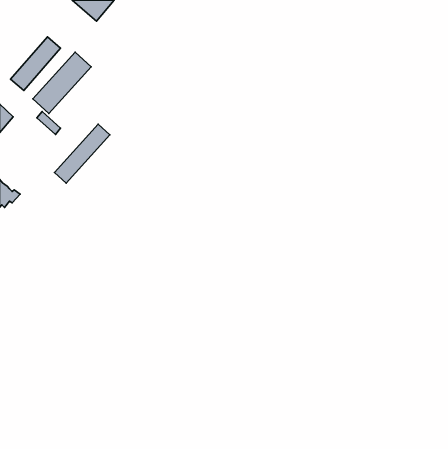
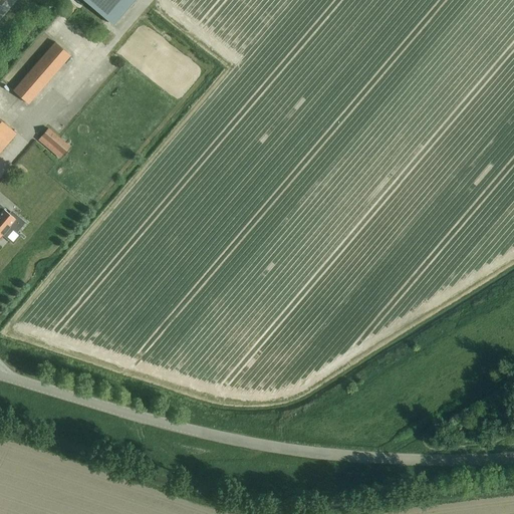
building: [33,52,91,114] -> none
building: [55,124,110,183] -> none

